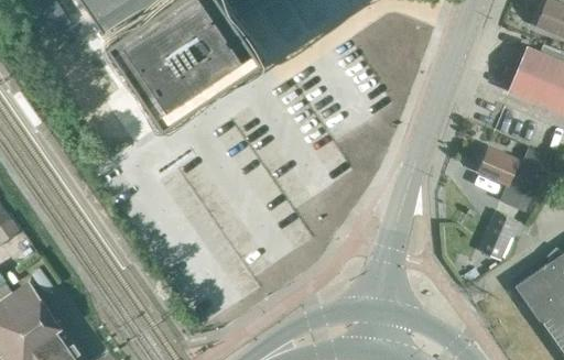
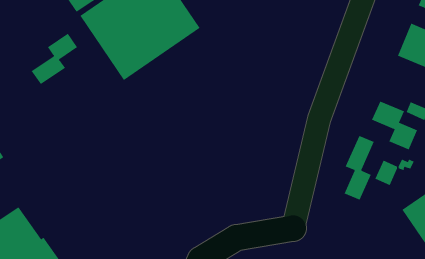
building: none -> [31,33,78,85]
building: none -> [344,135,375,201]

